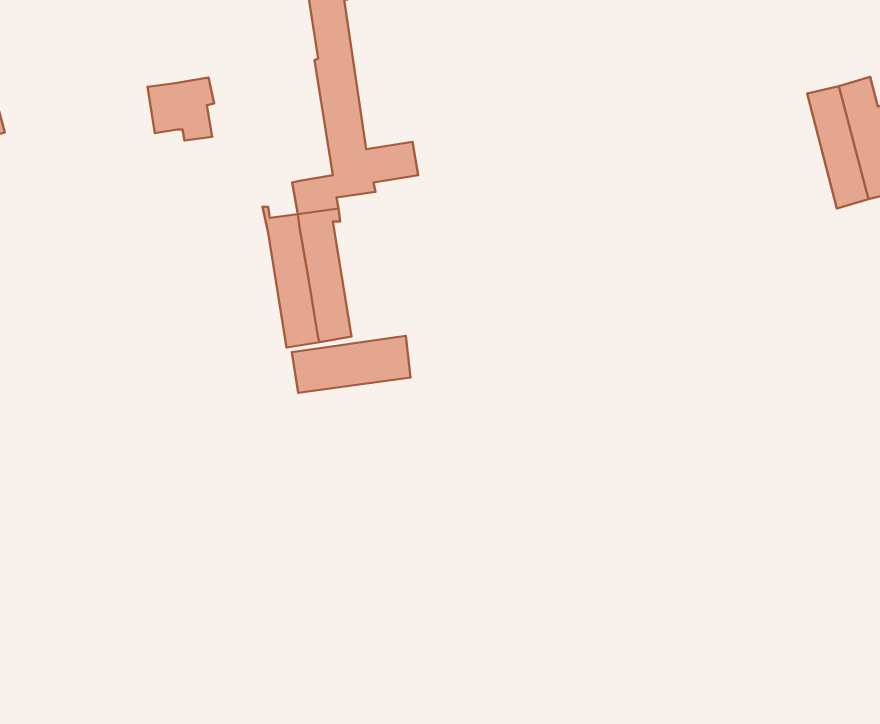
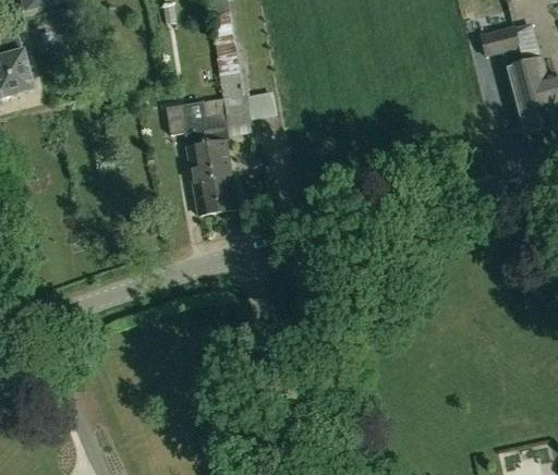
building: none -> [481,25,520,54]
building: [147,77,214,141] -> [167,100,206,137]
building: [292,336,411,393] -> none

